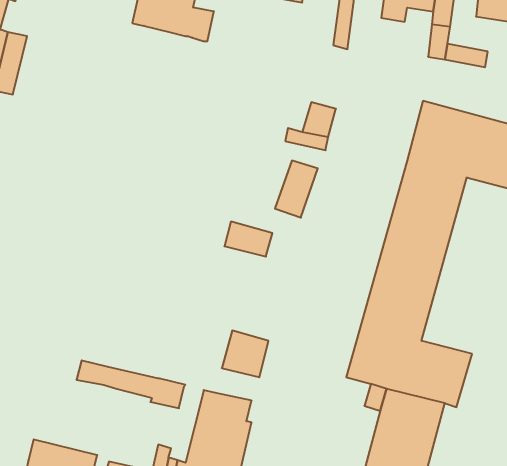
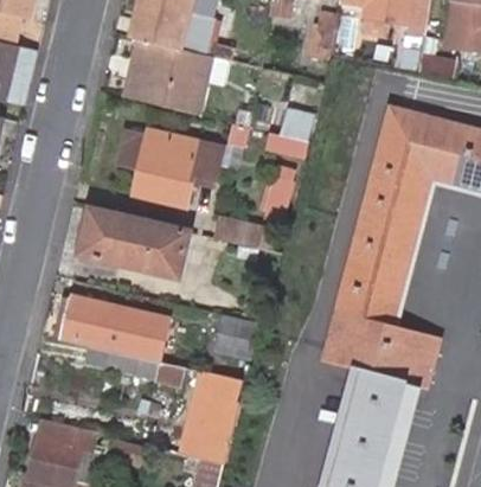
building: none -> [123,38,229,114]
building: none -> [117,133,210,203]
building: none -> [82,210,186,274]
building: none -> [59,296,166,361]

